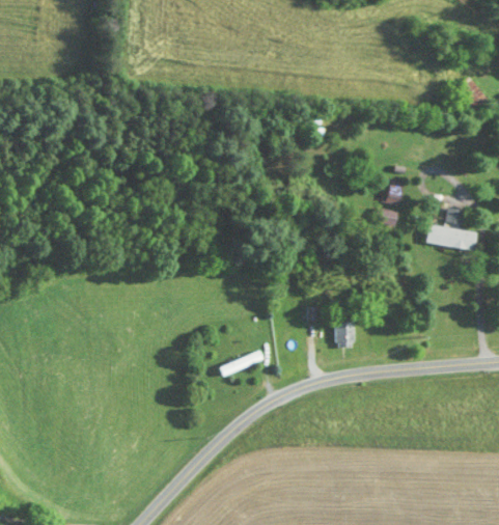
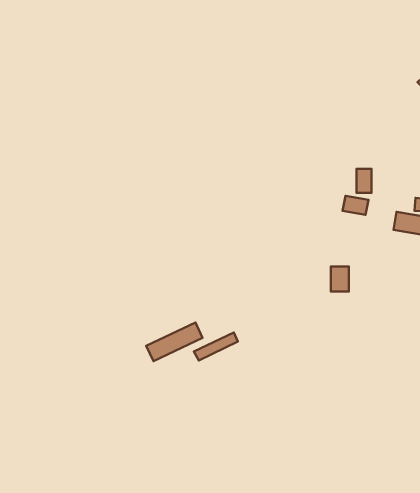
building: [334,321,353,347] -> [331,267,349,292]
building: none -> [146,323,203,361]

